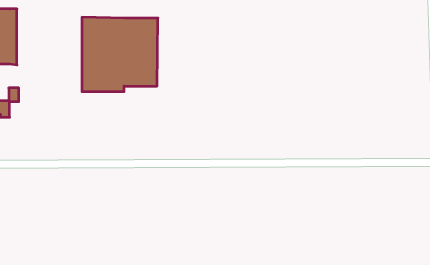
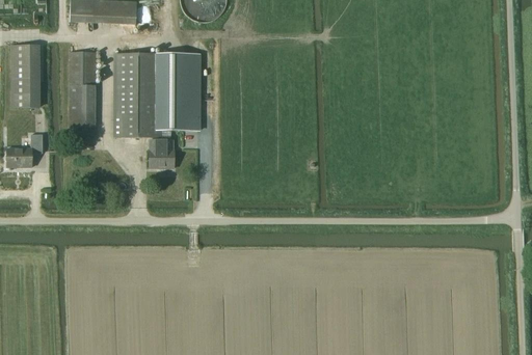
building: none -> [70,51,97,127]
building: none -> [150,137,175,167]

